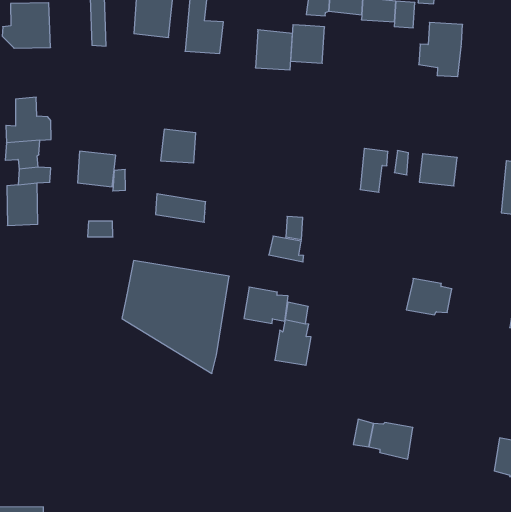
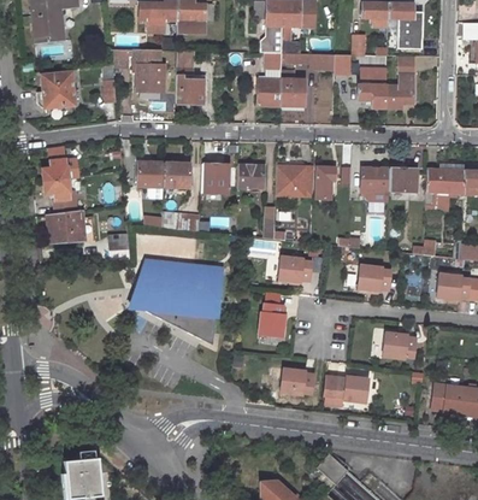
building: none -> [385,58,412,108]
building: [255,30,292,70] -> [282,76,308,105]
building: none -> [201,164,229,194]
building: none -> [238,165,264,187]
building: none -> [276,166,314,198]
building: none -> [388,165,417,193]
building: [78,151,116,187] -> [137,161,165,187]
building: [244,287,288,323] -> [279,255,312,282]
building: none -> [383,331,417,358]
building: none -> [282,366,314,393]

